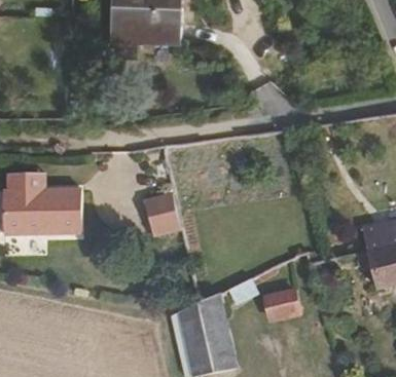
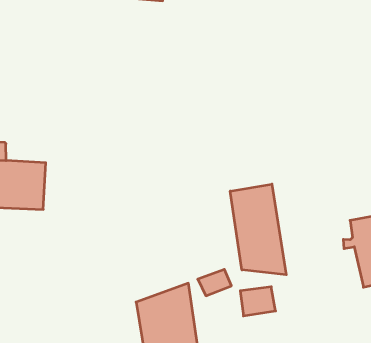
building: [145,194,181,236] -> none
building: none -> [230,184,286,275]

